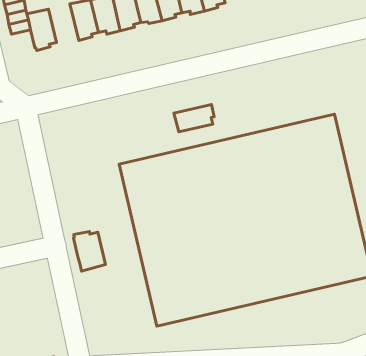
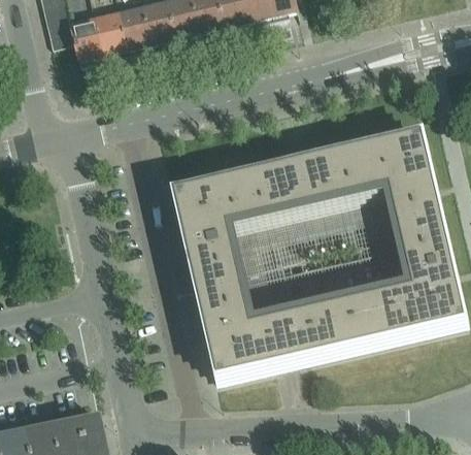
building: none -> [93,7,128,53]
building: [174,104,214,132] -> none
building: [73,231,105,271] -> none

